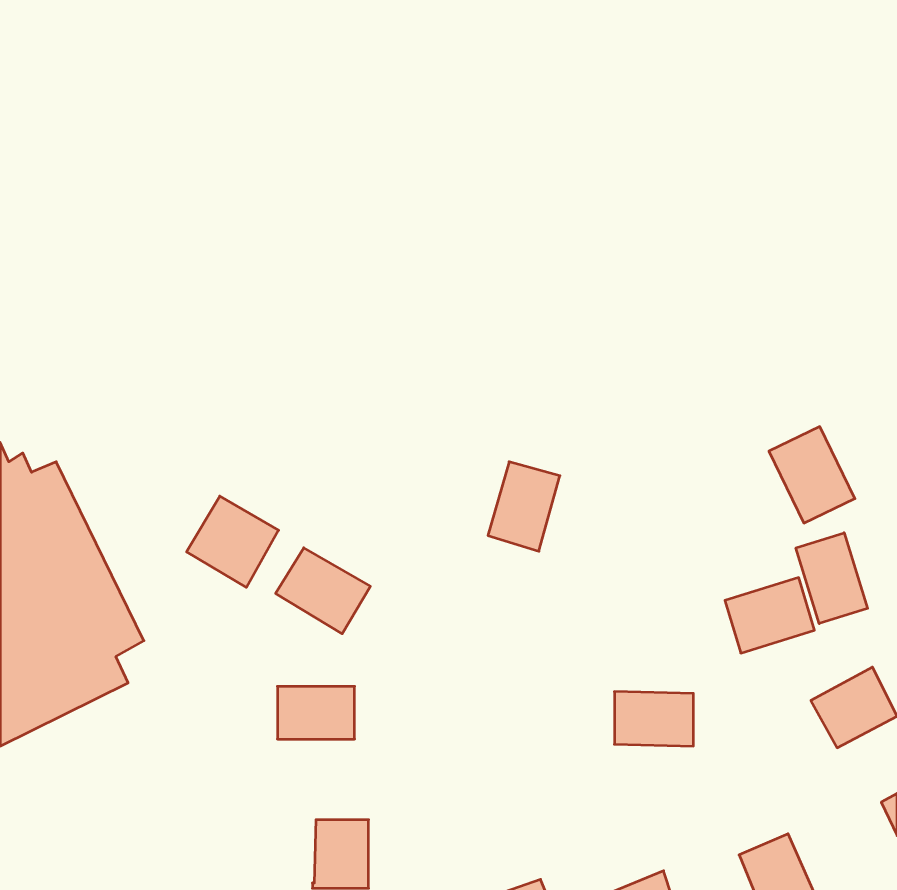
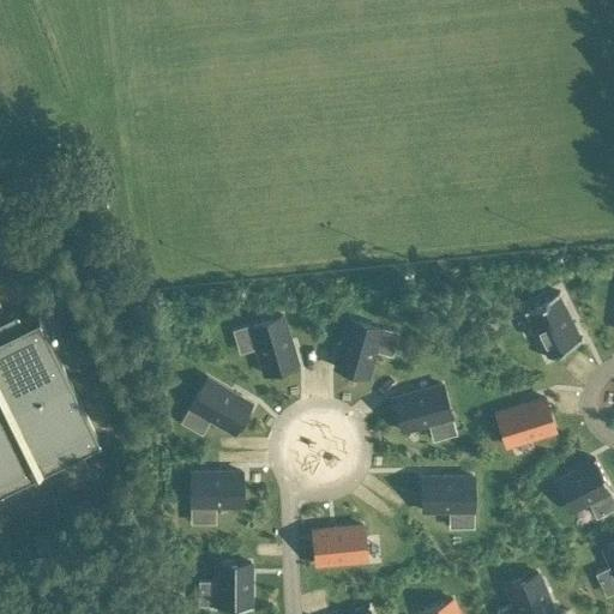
building: none -> [248,317,299,378]
building: [187,496,279,587] -> none
building: [796,533,868,624] -> none
building: none -> [391,386,452,435]
building: none -> [312,526,367,568]

